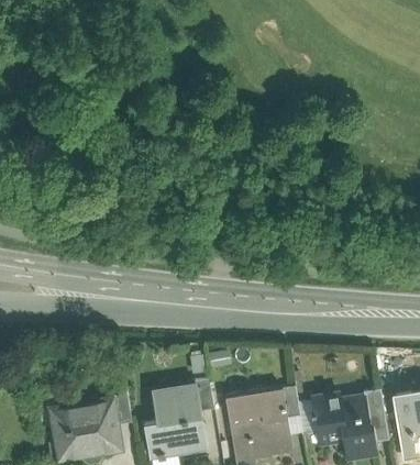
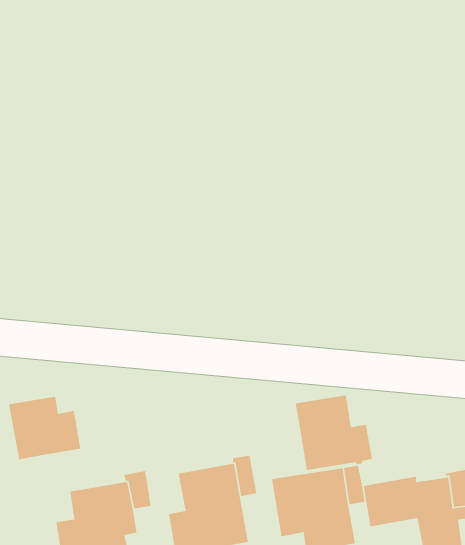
building: none -> [295,394,373,471]
building: none -> [8,396,81,460]

